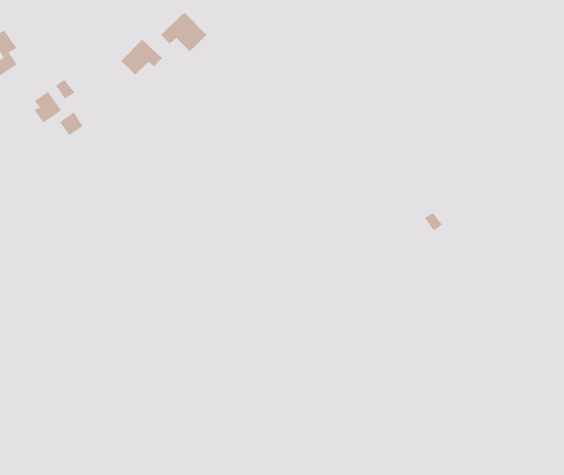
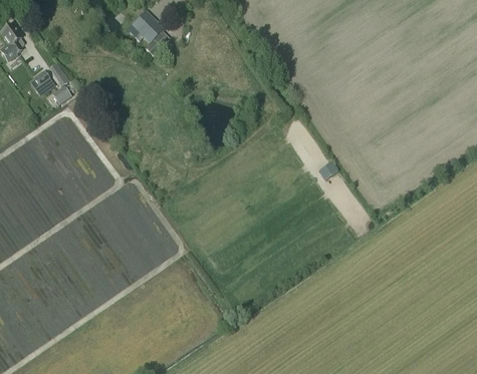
building: [120,39,163,76] -> none

